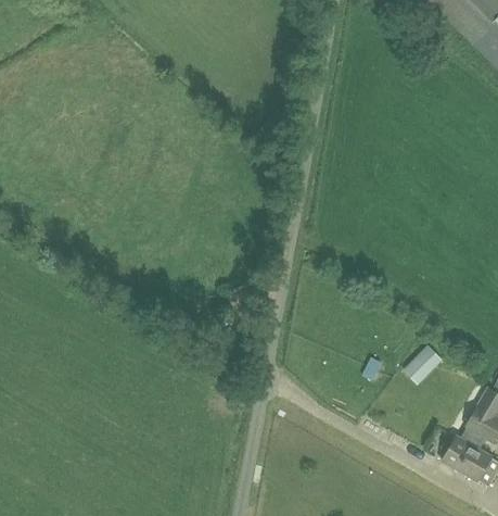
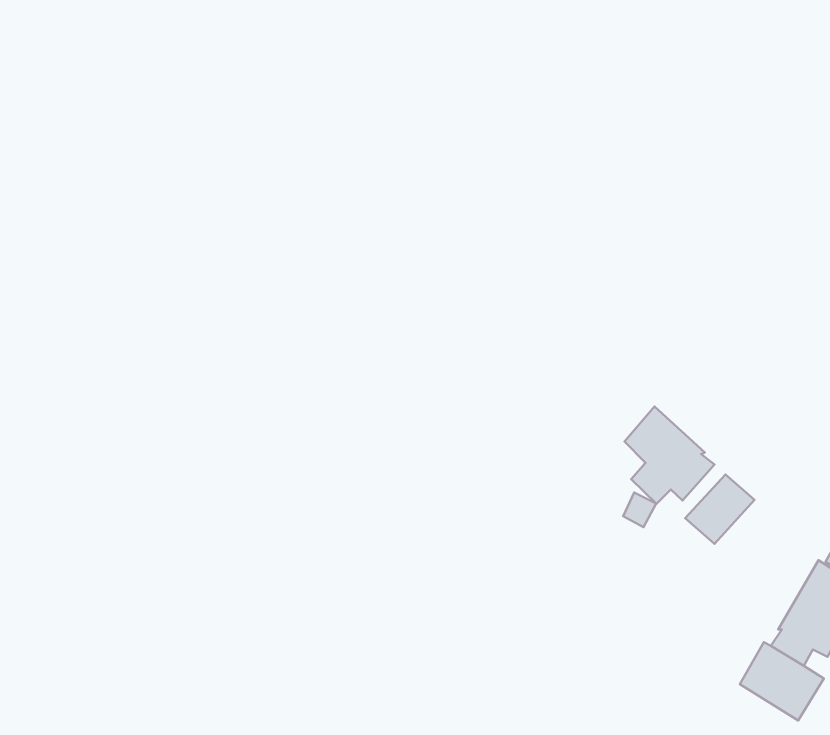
building: none -> [625,406,714,504]

